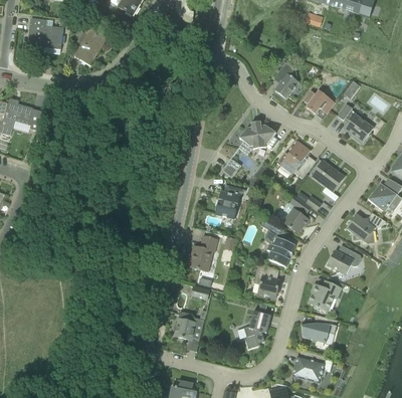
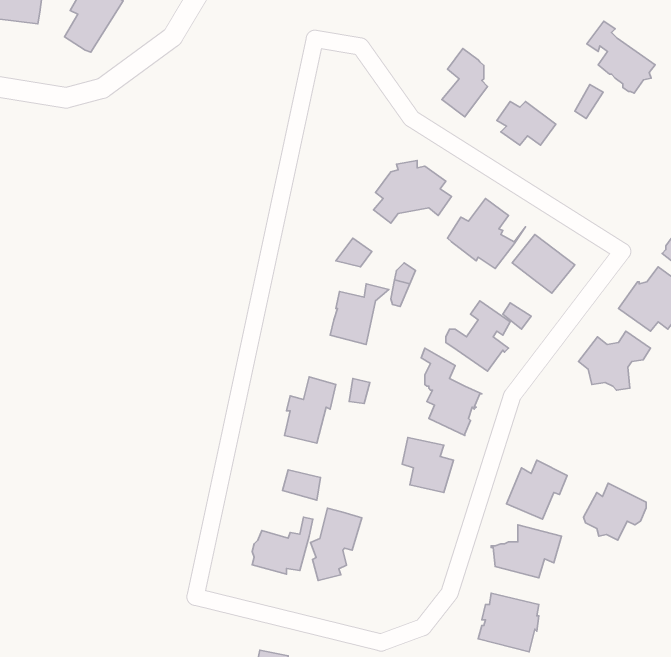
building: [338,104,374,142] -> [587,21,655,93]
building: [328,244,361,274] -> [584,483,646,540]
building: [244,310,271,348] -> [310,508,362,580]

